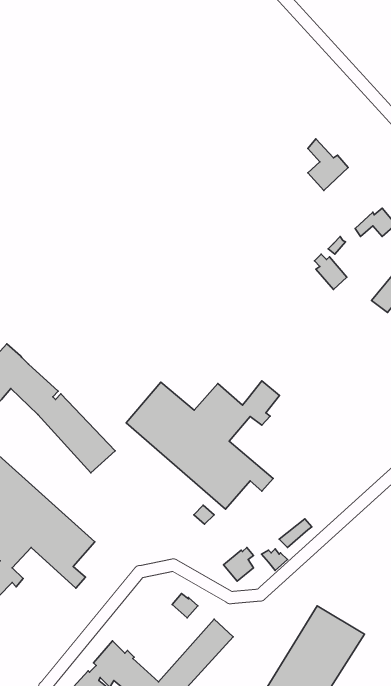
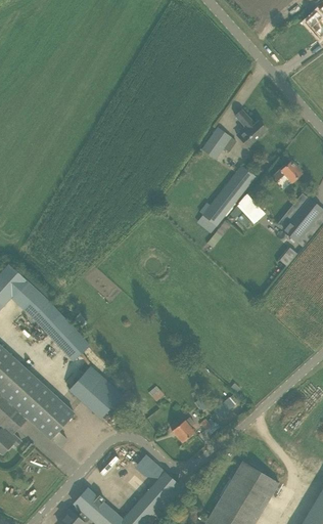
building: none -> [201,127,237,160]
building: none -> [198,166,256,227]
building: [126,381,279,509] -> none
building: none -> [70,367,122,419]

